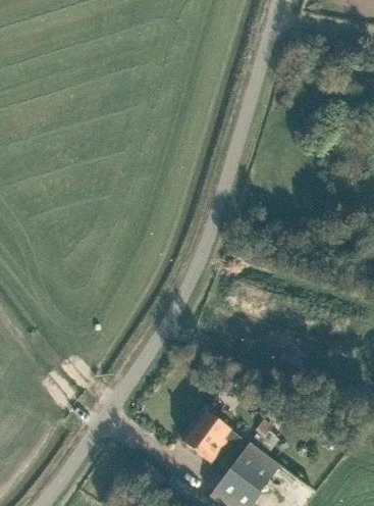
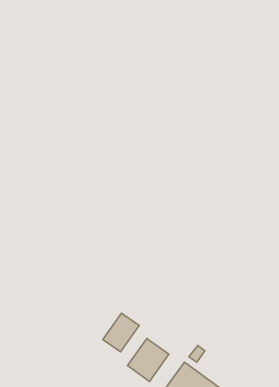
building: none -> [103,313,139,352]

